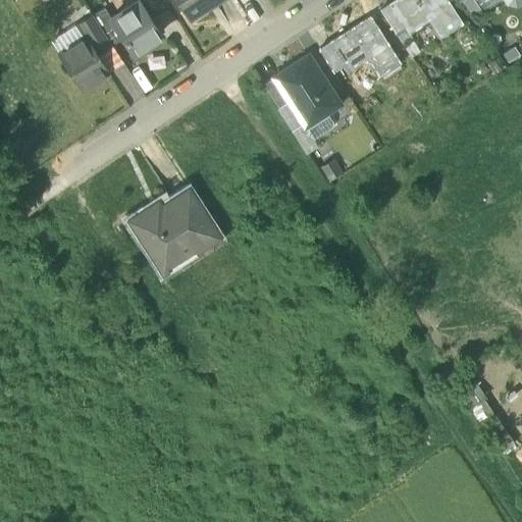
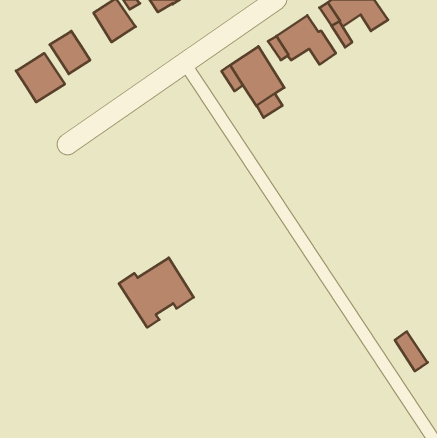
building: [76,13,113,54] -> none
building: none -> [16,53,65,102]
building: [132,189,220,271] -> [119,258,194,327]

